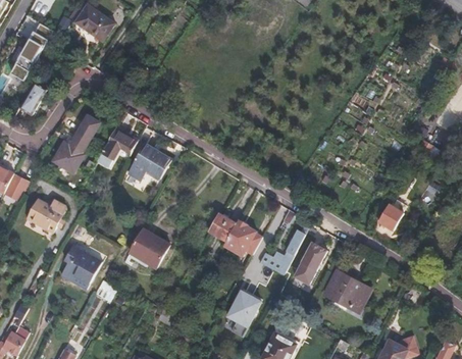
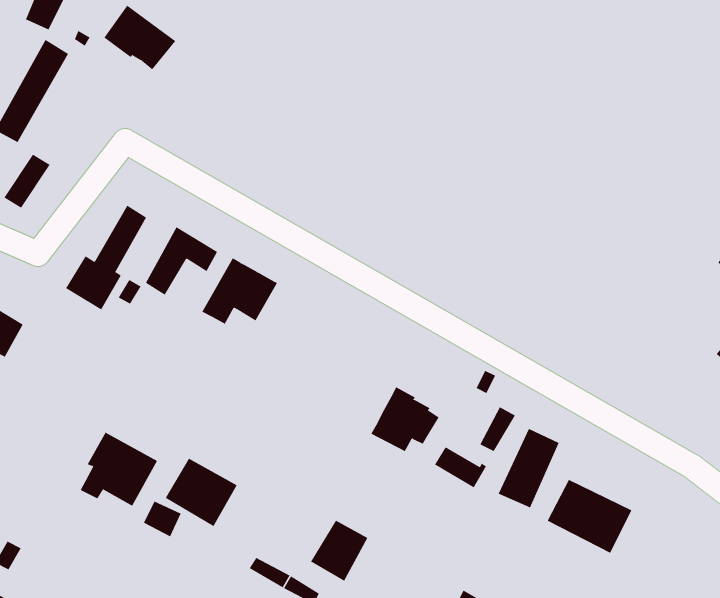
building: [25,198,65,233] -> none
building: [376,201,405,232] -> none
building: [207,211,236,239] -> none
building: [129,228,169,267] -> [165,458,238,527]
building: [226,290,259,324] -> [310,520,368,582]

